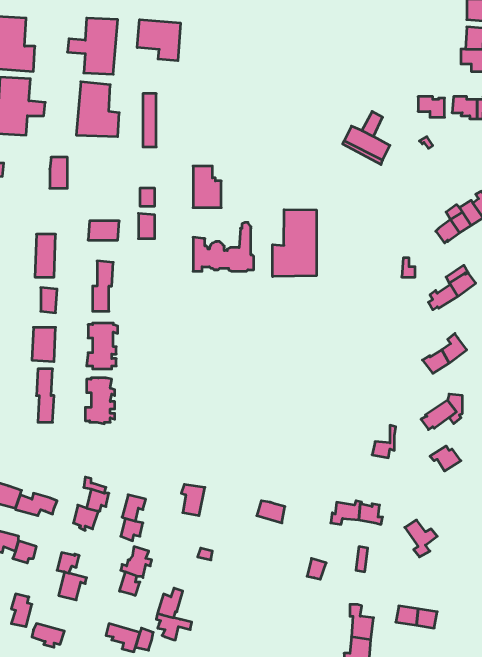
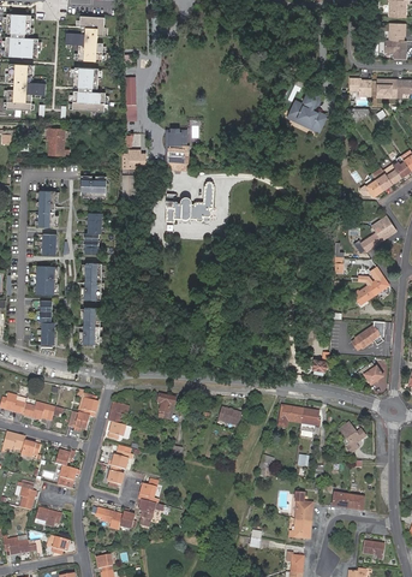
building: [137,20,180,61] -> none
building: [273,210,316,277] -> none

